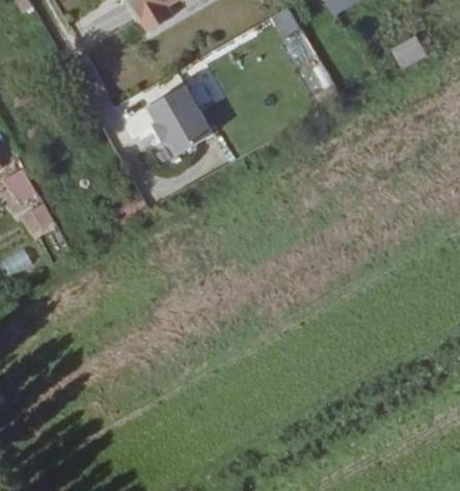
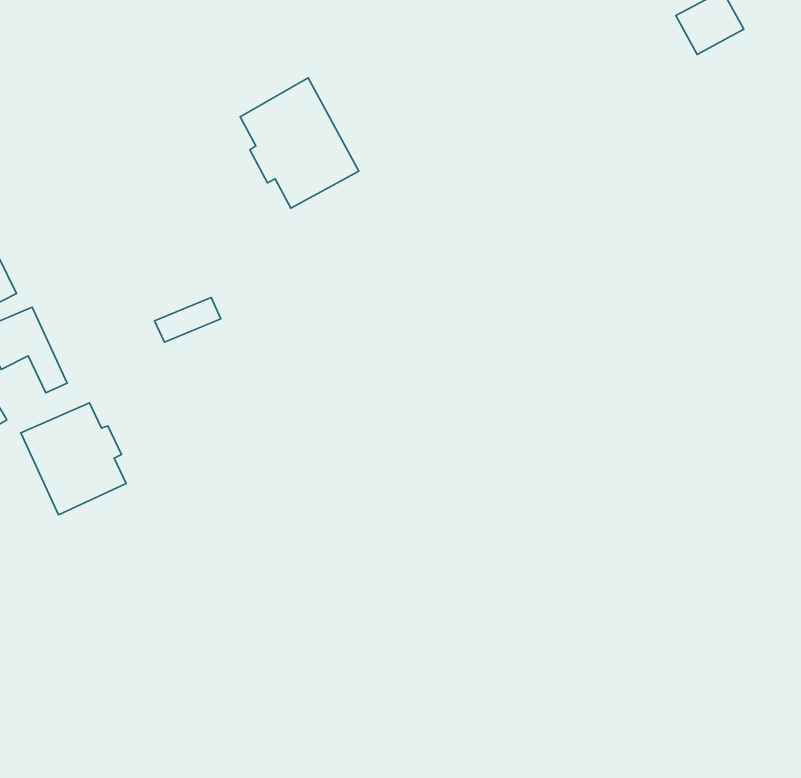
building: none -> [21,403,126,515]

